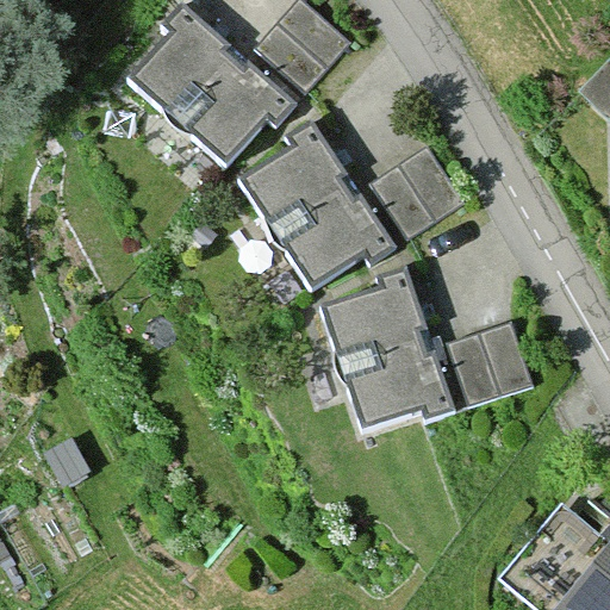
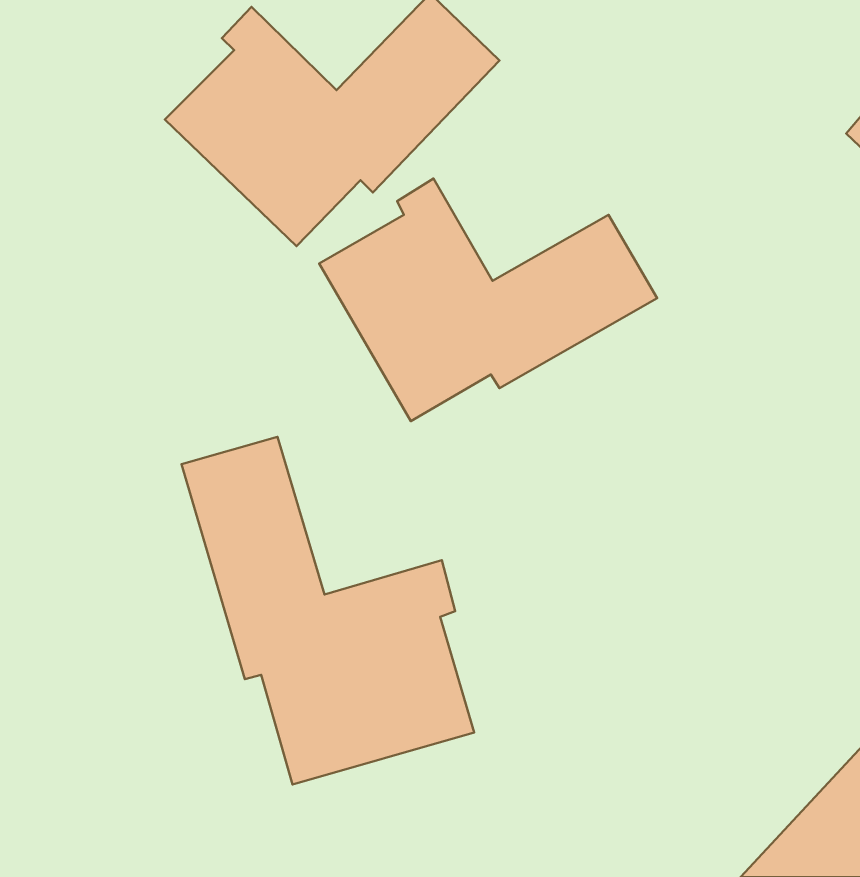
building: [311,270,530,429] -> none
building: none -> [181,437,474,785]

